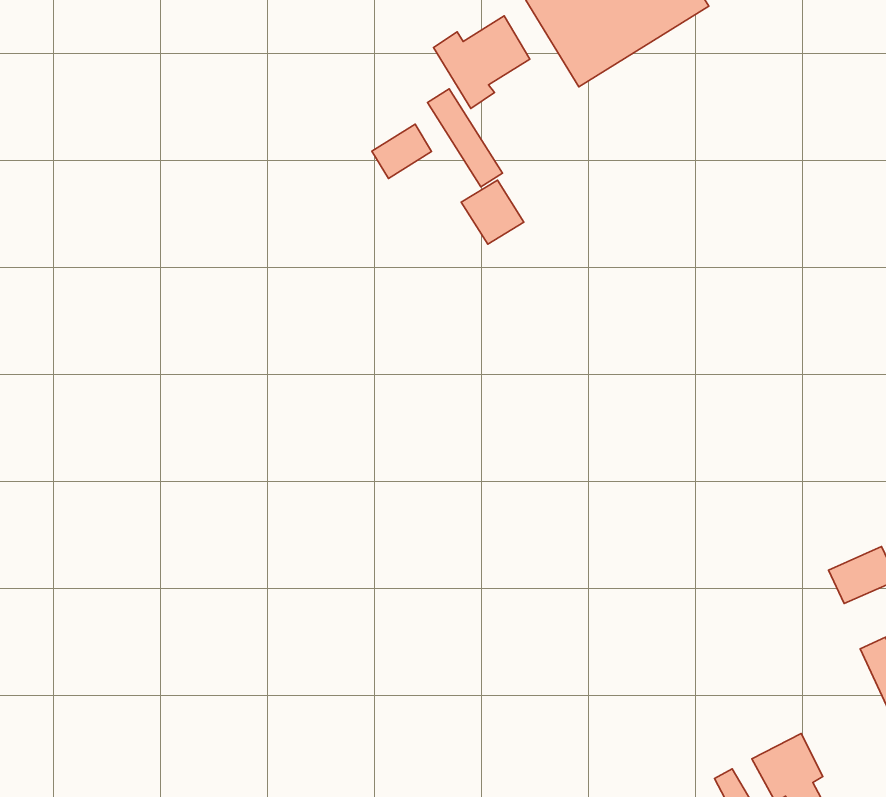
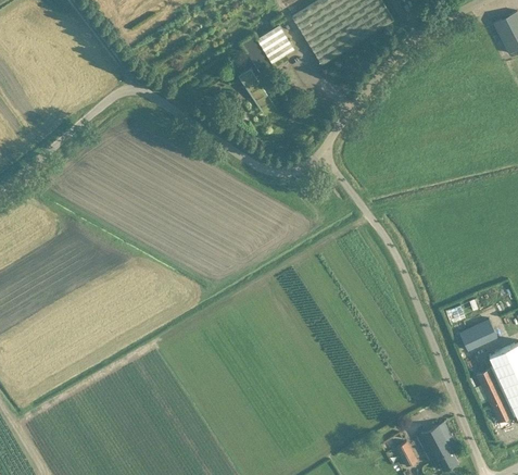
building: [372,124,432,179] -> none
building: [461,180,524,244] -> none

